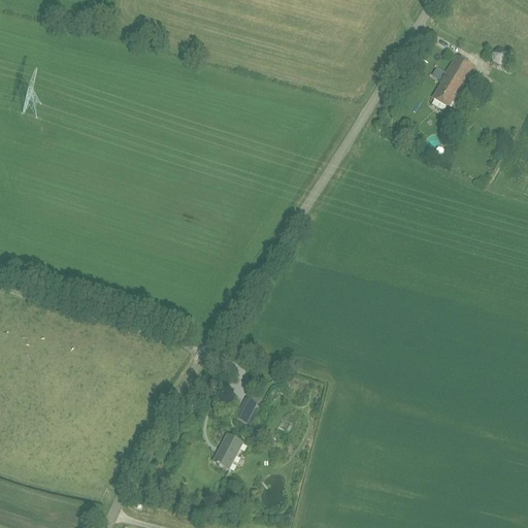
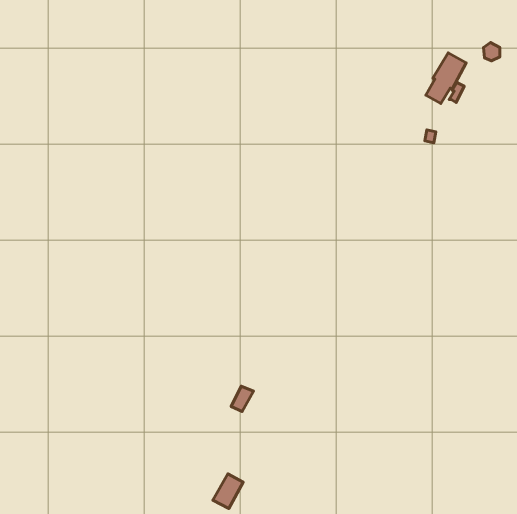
building: [211,432,242,467] -> [213,474,243,508]

